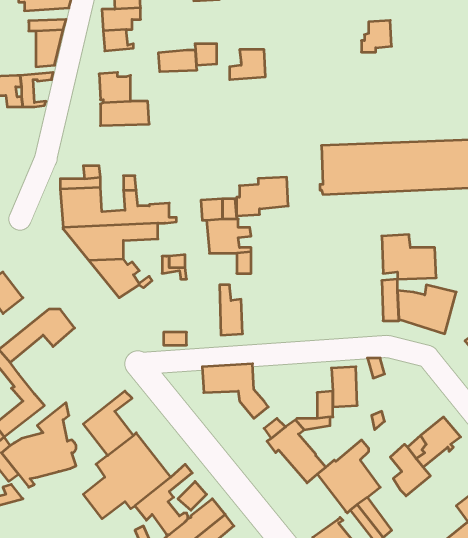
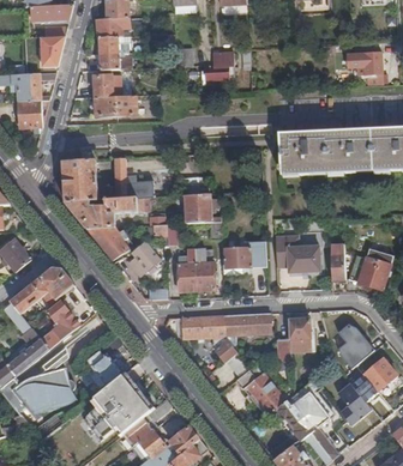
building: [361,20,392,52] -> [356,52,381,78]
building: [158,50,197,72] -> [98,52,131,69]
building: none -> [17,101,41,128]
building: [237,177,288,216] -> [222,242,265,274]
building: [382,235,436,279] -> [275,235,320,272]
building: none -> [128,241,158,276]
building: none -> [176,249,196,292]
building: none -> [40,302,78,350]
building: none -> [222,313,270,346]
building: none -> [337,321,375,369]

